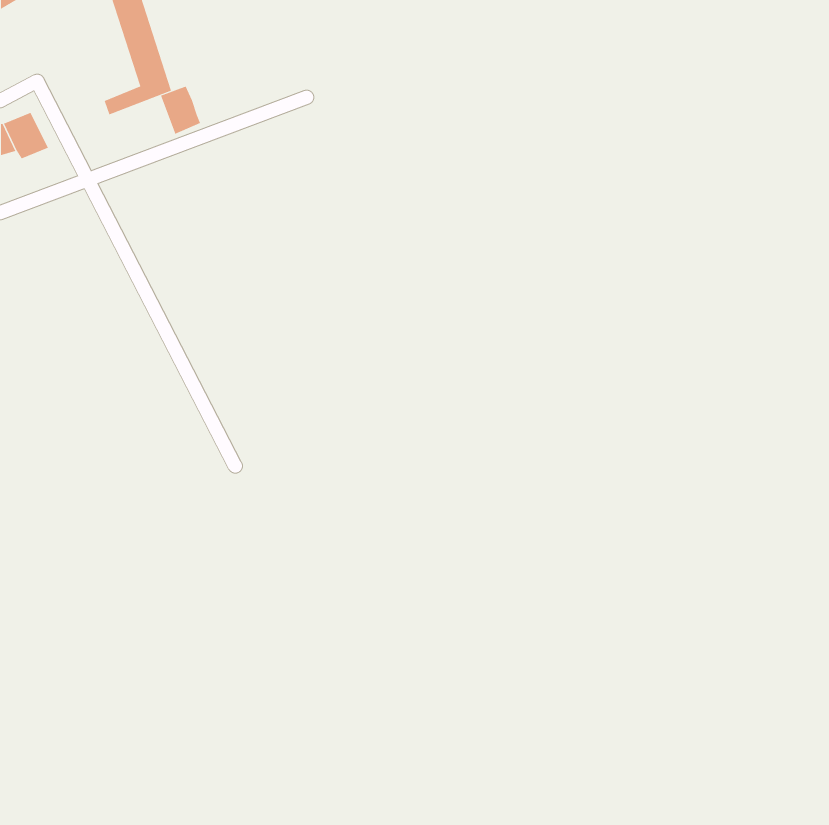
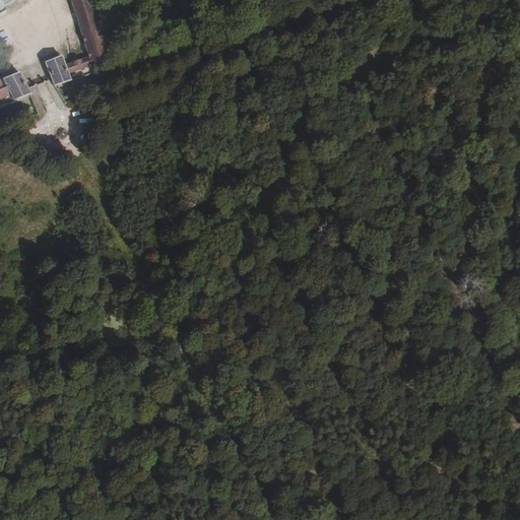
building: [160,86,201,134] -> [45,54,70,84]

